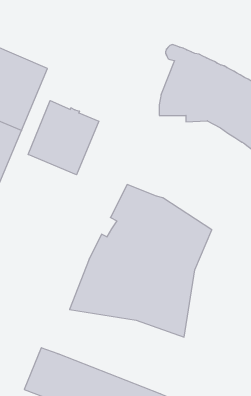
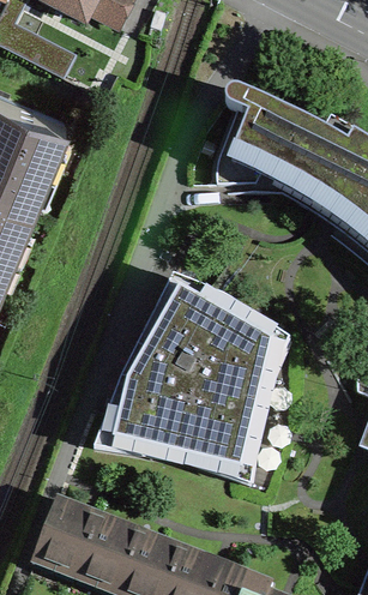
building: [28,101,99,175] -> none

